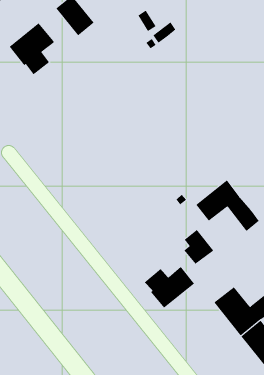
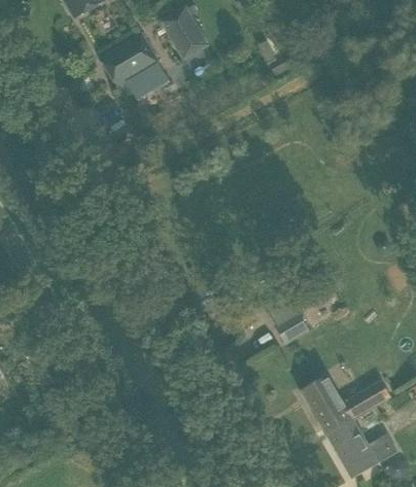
building: [195,180,259,232] -> none
building: [144,266,195,309] -> none

